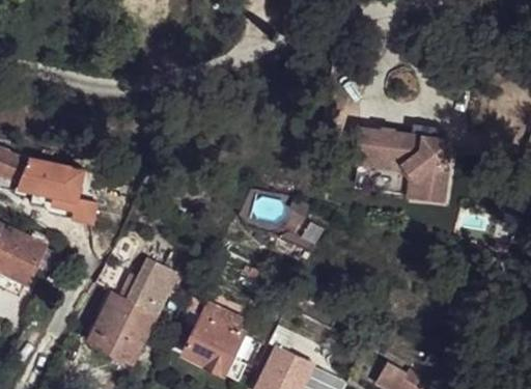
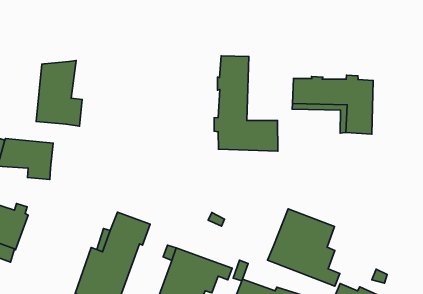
building: none -> [36,60,82,126]
building: none -> [214,56,278,151]
building: none -> [268,209,340,286]

